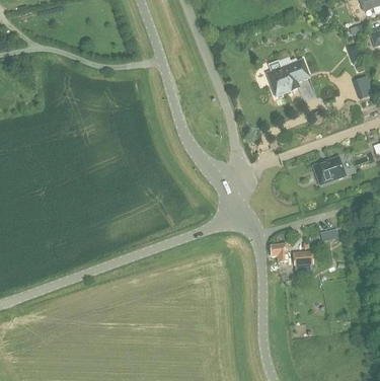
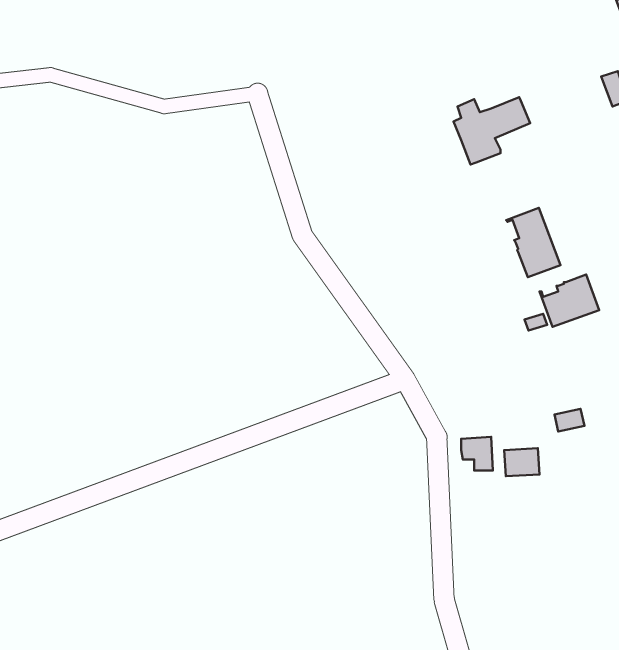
building: none -> [506,208,560,277]

